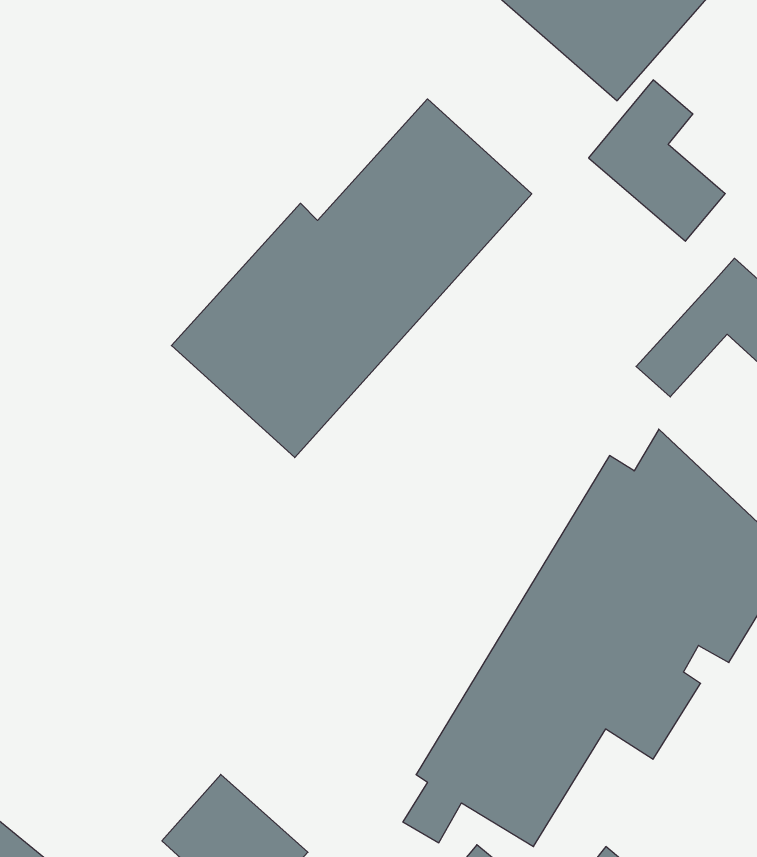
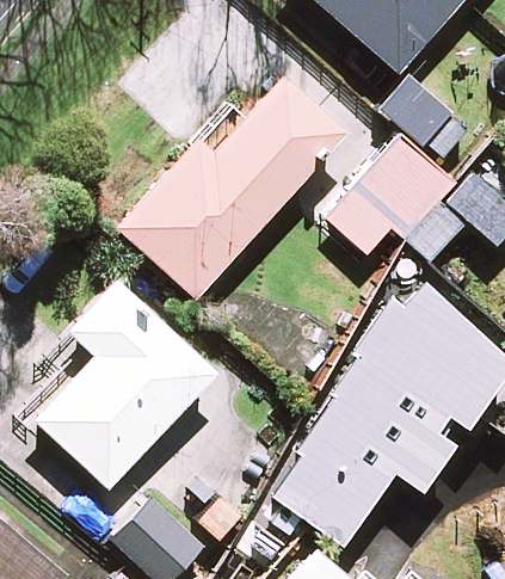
building: none -> [327,134,461,254]
building: none -> [37,281,216,530]

